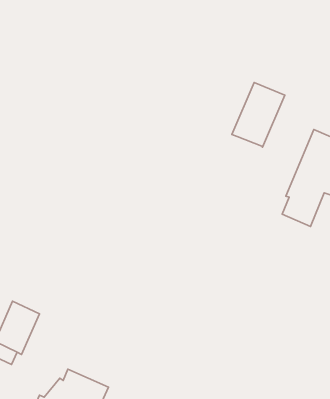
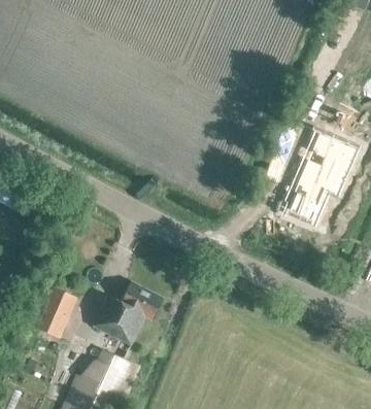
building: [232,83,285,147] -> none
building: none -> [90,284,158,346]

